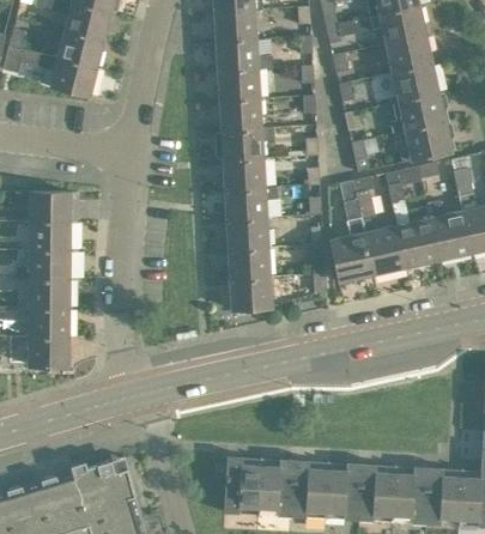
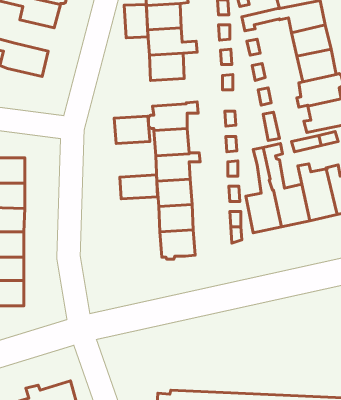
building: none -> [124,4,148,38]
building: [59,29,105,66] -> none
building: [219,98,261,131] -> [114,116,150,144]
building: none -> [120,175,158,199]

